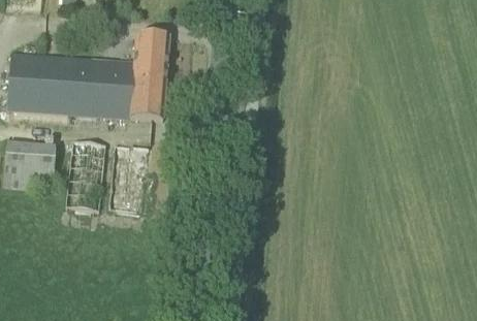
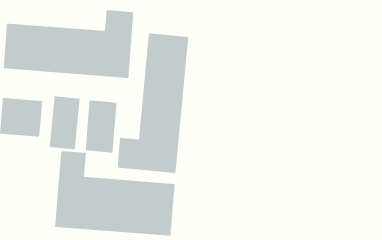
building: none -> [117,32,189,174]
building: none -> [54,151,176,236]

